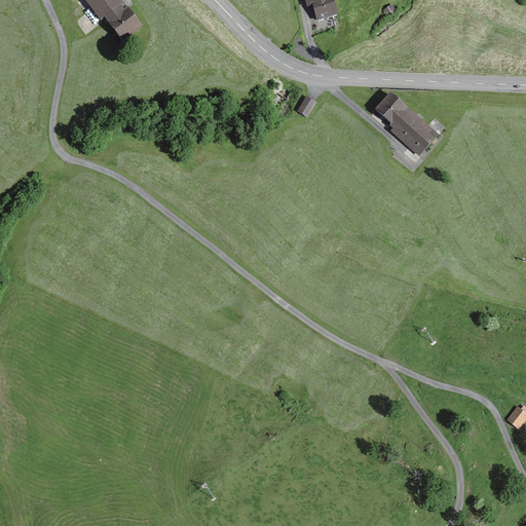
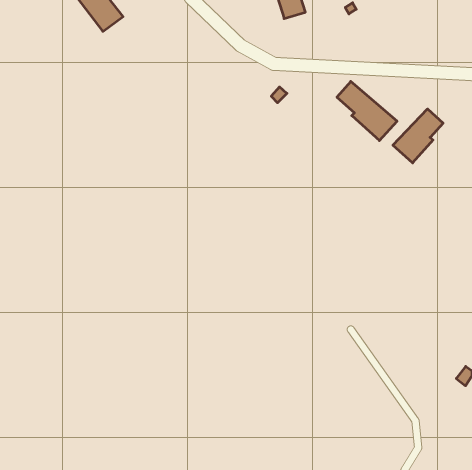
building: none -> [393,109,443,163]

